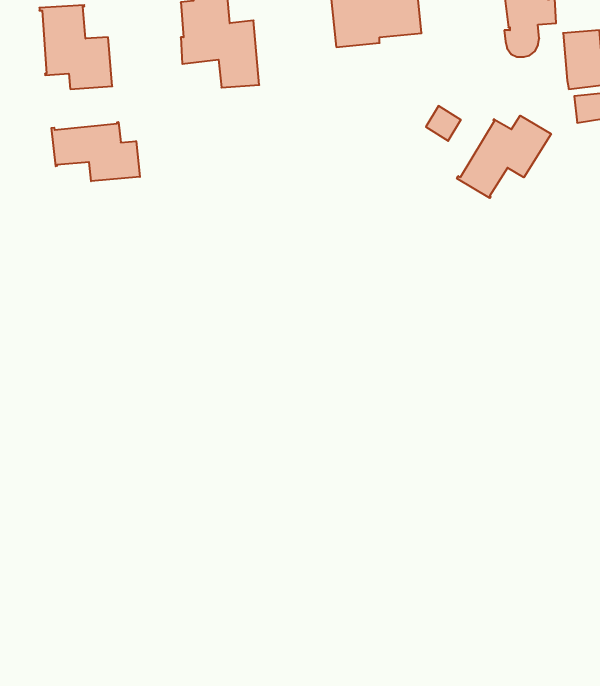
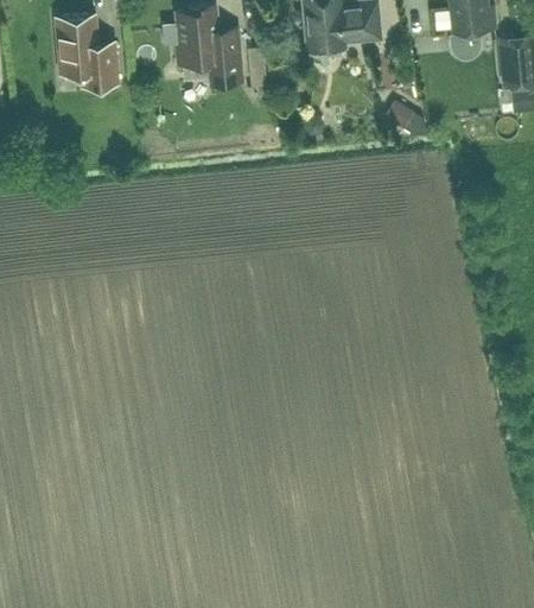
building: [457,116,551,198] -> none
building: [51,122,140,181] -> none

